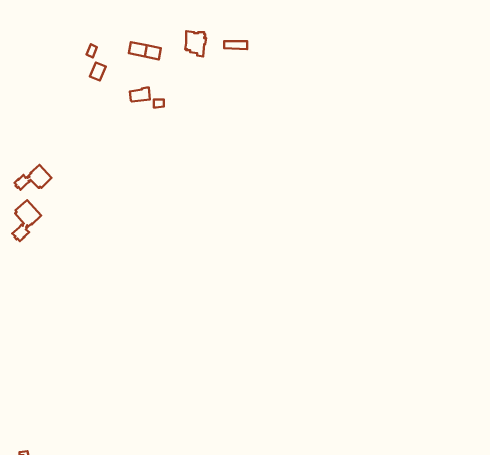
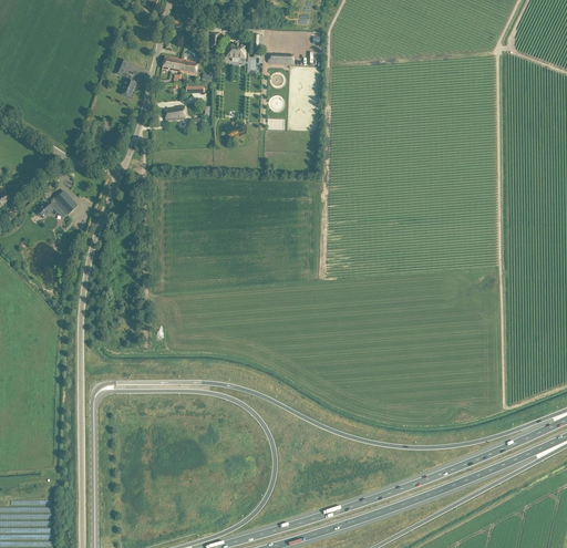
building: [12,200,41,241] -> none

